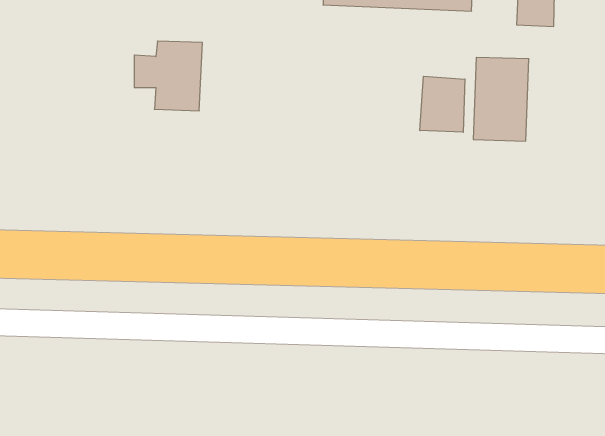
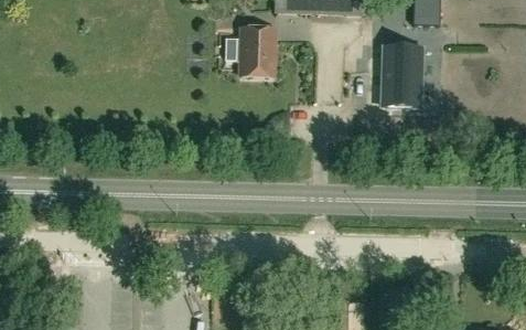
building: [134,41,202,111] -> [226,26,275,76]
building: [420,76,465,132] -> none

